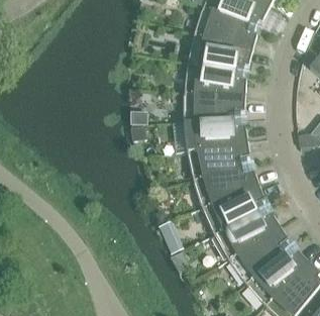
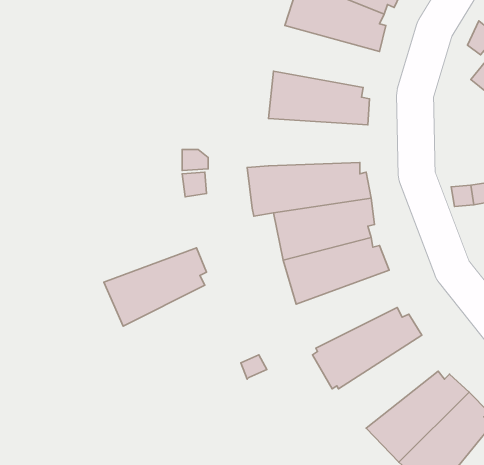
building: [188,34,253,73] -> none
building: [185,92,246,121] -> none
building: [202,186,265,234] -> [104,248,206,326]
building: [228,226,290,284] -> none

